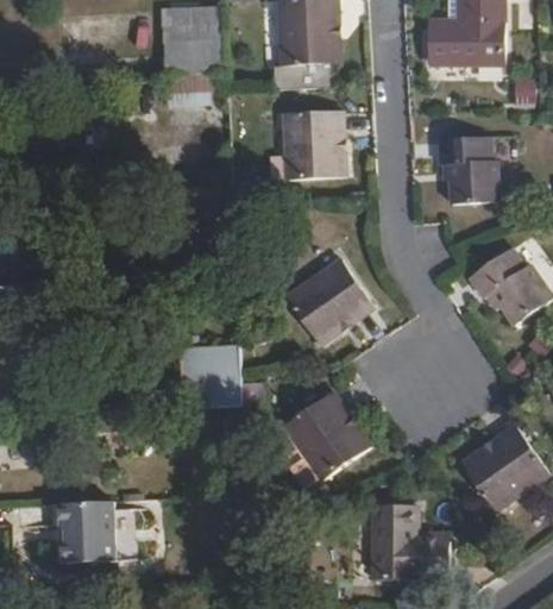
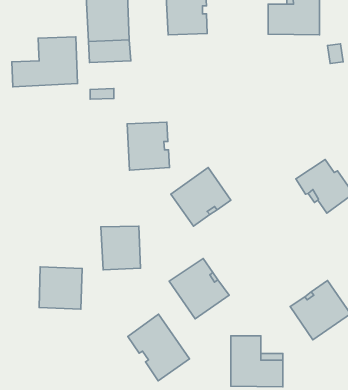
building: none -> [12,37,78,87]
building: [283,109,345,180] -> [127,122,169,170]
building: [438,136,499,203] -> none
building: none -> [128,314,190,381]
building: [57,501,120,563] -> [39,267,82,309]

